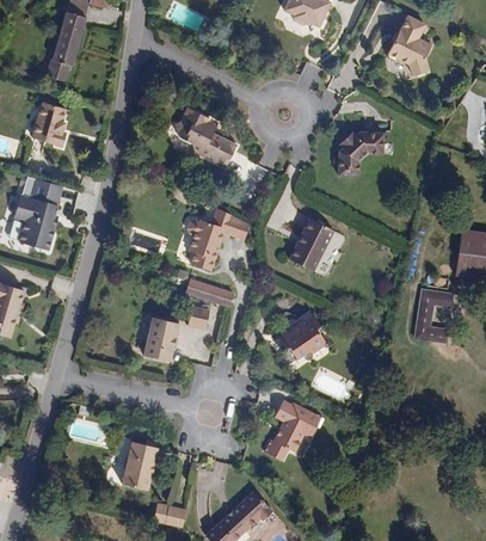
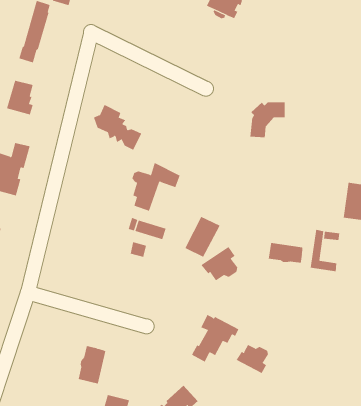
building: [387,16,430,75] -> none
building: [174,109,236,167] -> [93,104,142,150]
building: [289,219,334,271] -> [185,216,221,258]
building: none -> [268,242,303,263]
building: [144,316,179,361] -> none
building: none -> [236,344,269,374]

